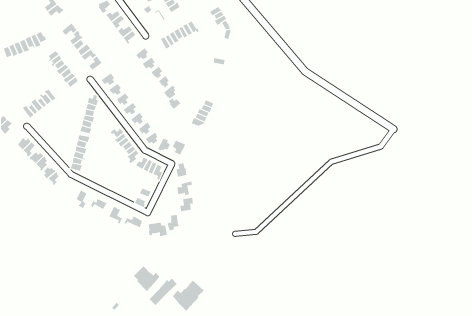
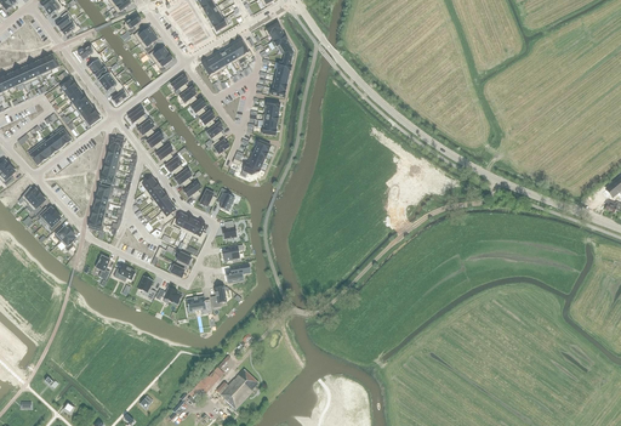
building: [133,266,160,292] -> none

